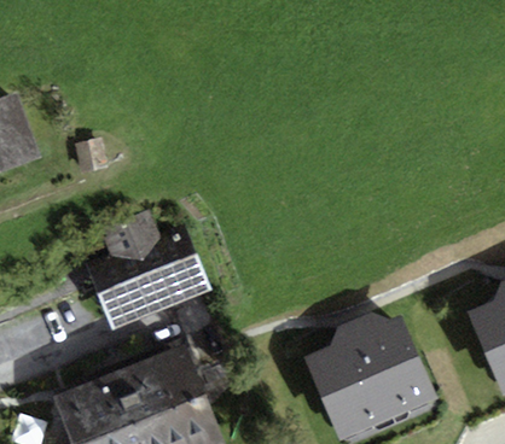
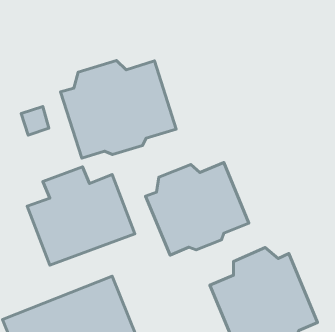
building: none -> [61,61,176,158]
building: none -> [145,163,249,255]

